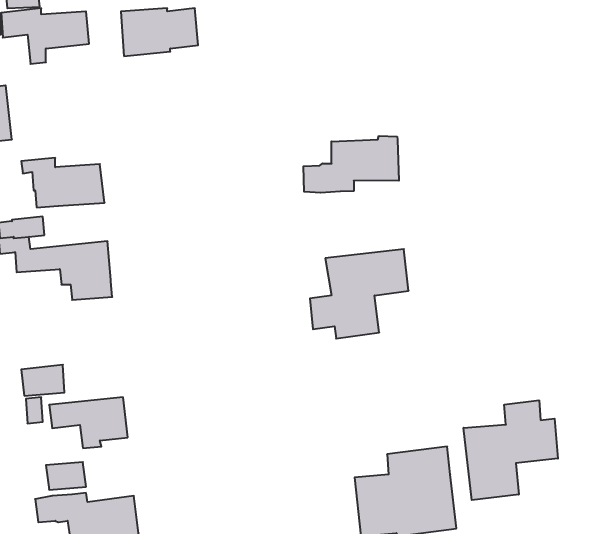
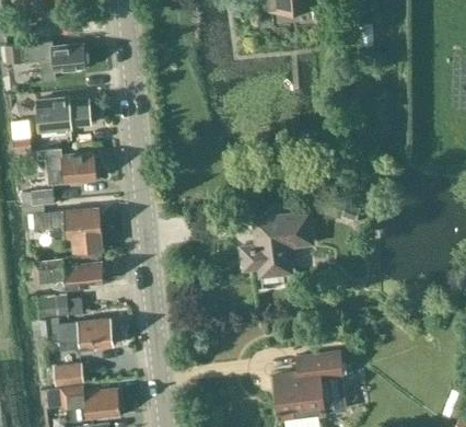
building: [121,8,198,56] -> [36,99,91,132]
building: [303,136,399,193] -> none
building: none -> [34,259,103,289]
building: [464,400,558,500] -> none

